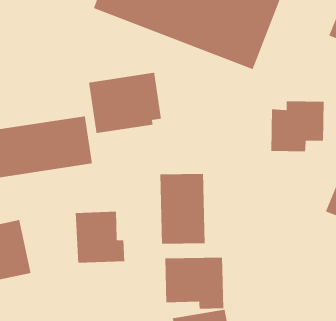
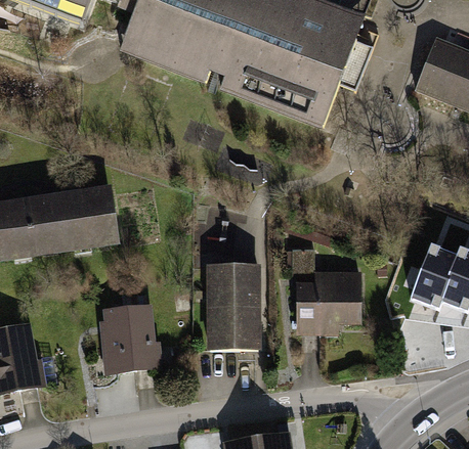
building: [88,72,162,134] -> none
building: [270,100,325,152] -> [296,266,364,330]
building: [164,257,224,309] -> none

